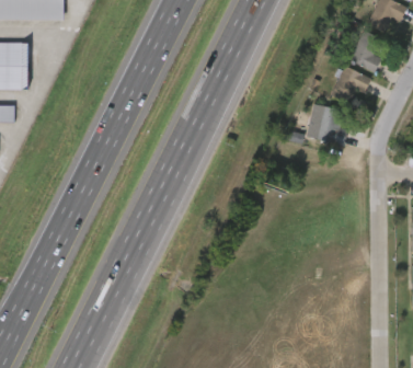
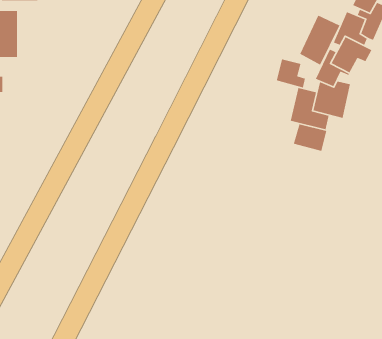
building: none -> [299,14,340,66]
building: none -> [276,58,306,89]
building: none -> [293,124,327,152]

